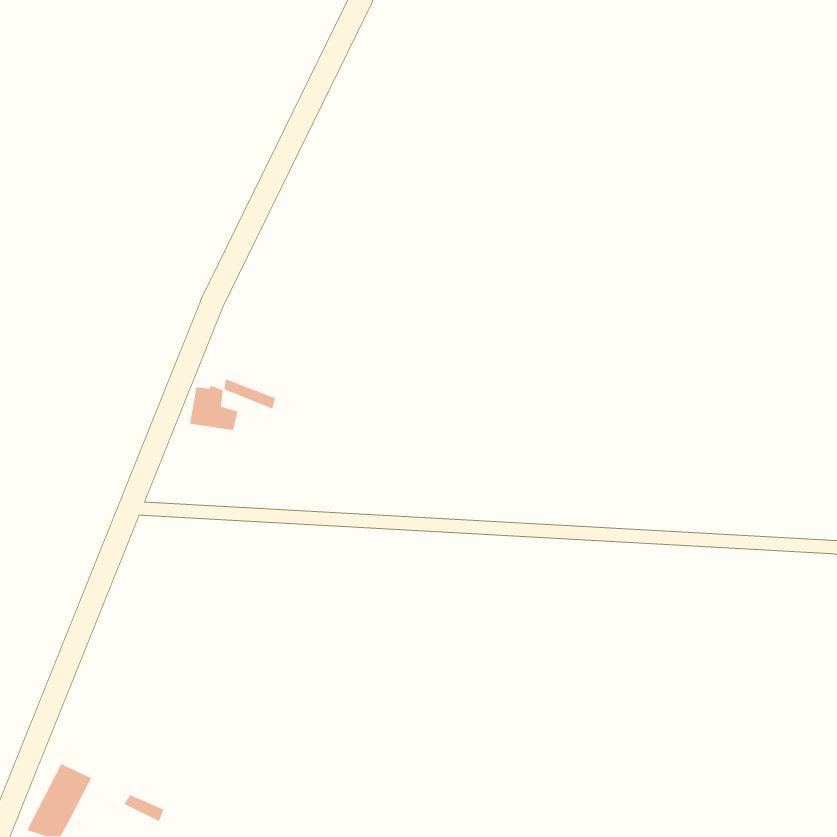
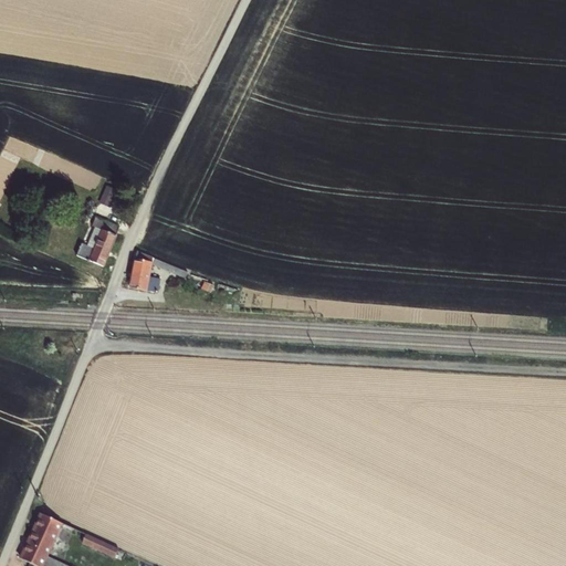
building: none -> [74,211,120,264]

